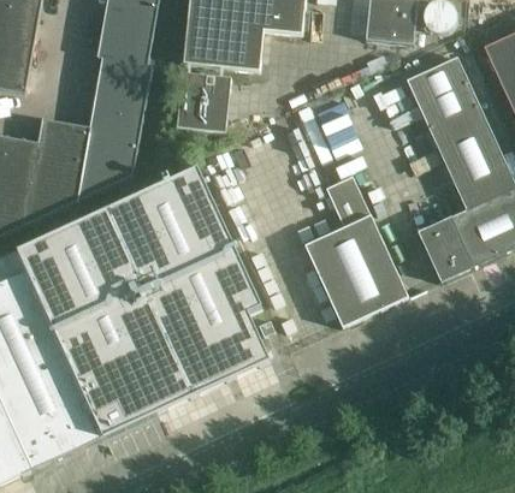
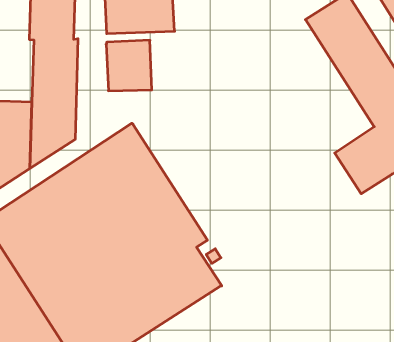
building: [304,174,408,326] -> none

